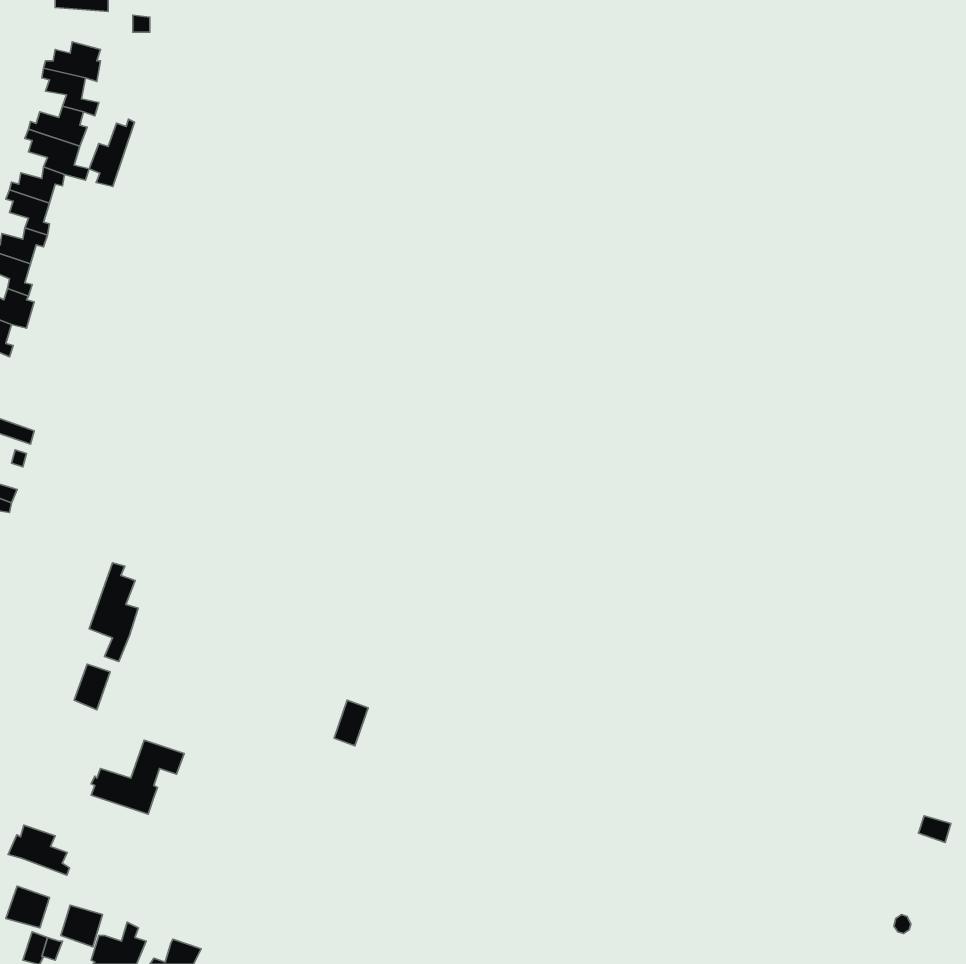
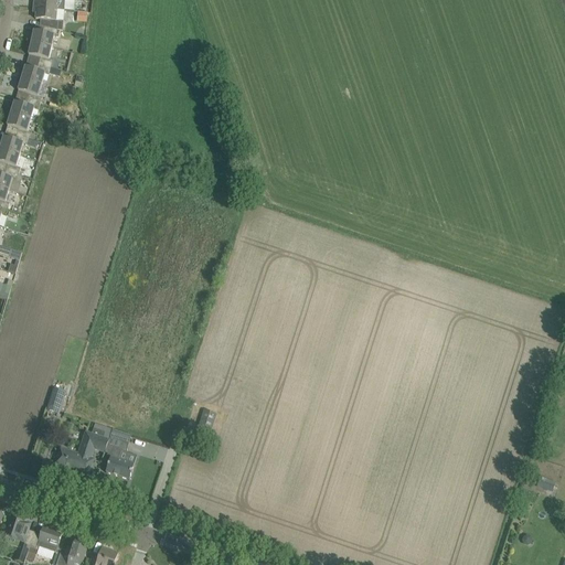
building: none -> [31,4,64,29]
building: [89,119,134,186] -> none
building: [89,563,138,661] -> none
building: none -> [104,427,132,478]
building: [8,825,69,875] -> none

